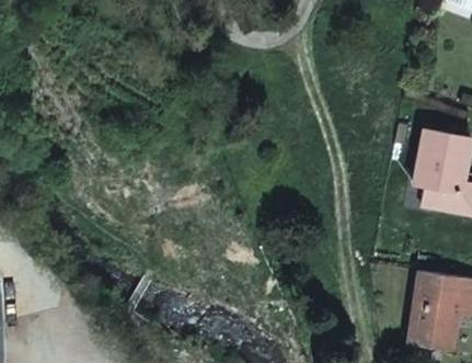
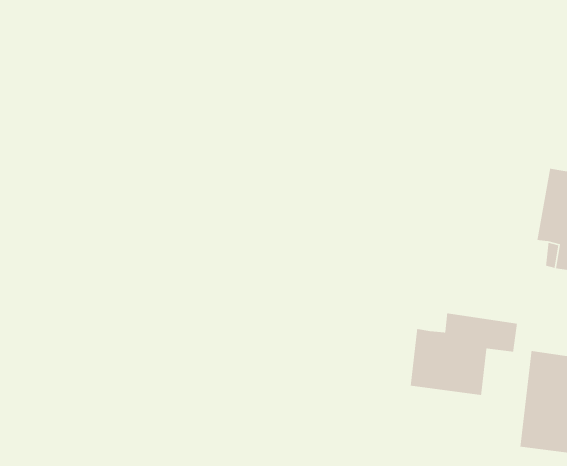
building: none -> [410,312,518,396]

